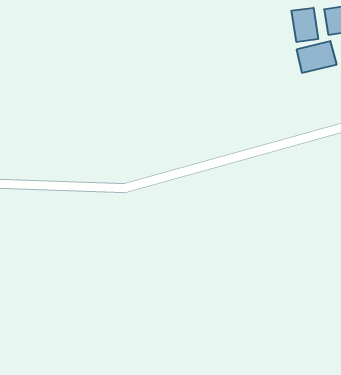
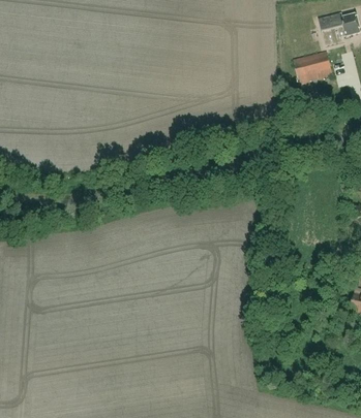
building: [292,8,318,42] -> none

